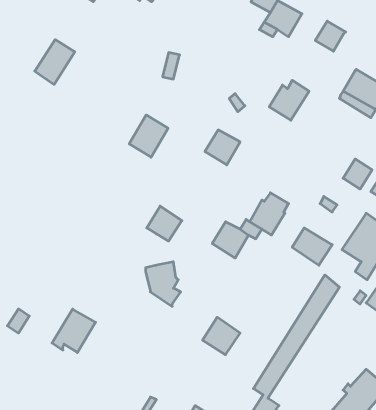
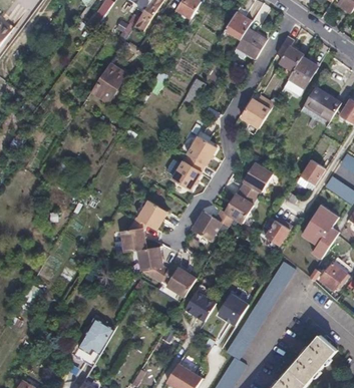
building: none -> [283,56,316,95]
building: [35,40,75,84] -> [92,63,125,100]
building: [129,115,168,157] -> [172,153,205,188]
building: none -> [241,162,271,197]
building: none -> [119,215,146,253]
building: none -> [159,267,195,296]
building: [52,309,96,353] -> [78,318,114,354]
building: none -> [220,291,250,323]

